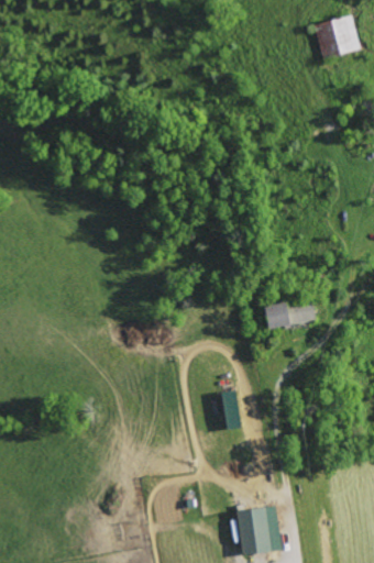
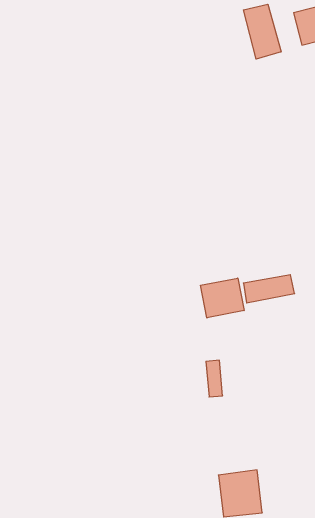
building: none -> [243,4,281,59]
building: none -> [201,278,244,318]

